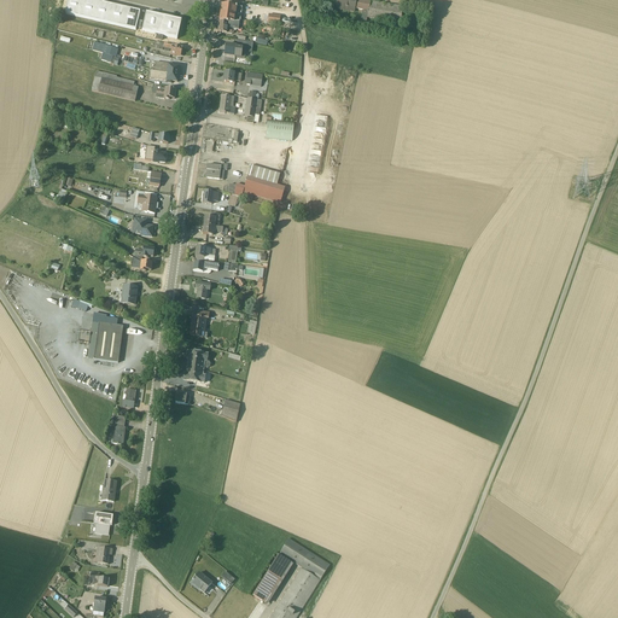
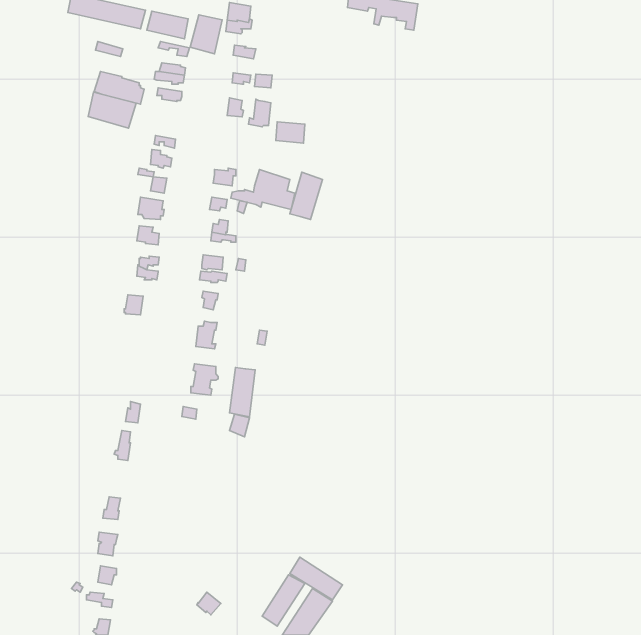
building: none -> [190,15,222,54]
building: none -> [88,92,136,128]
building: none -> [290,172,323,219]
building: [87,321,123,361] -> none
building: none -> [230,368,255,417]

